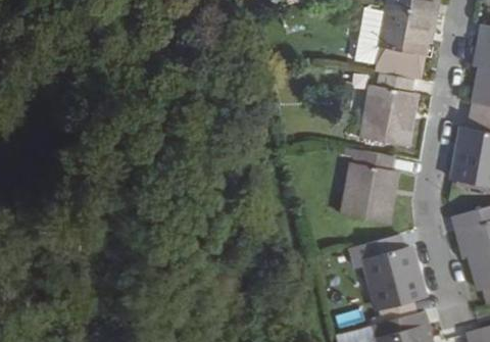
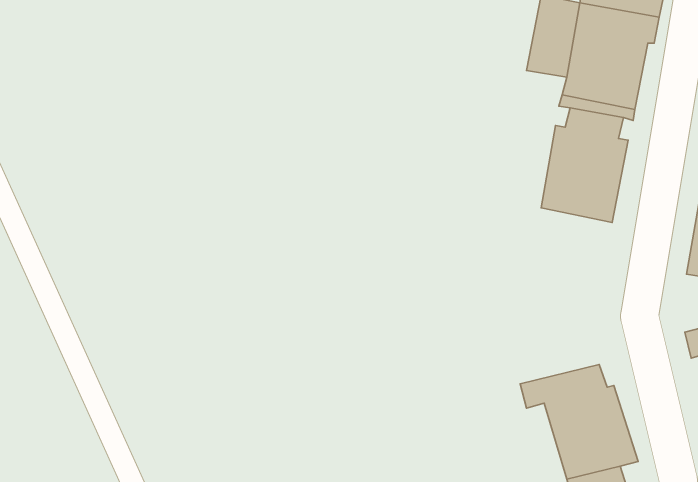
building: [343,151,398,225] -> none

